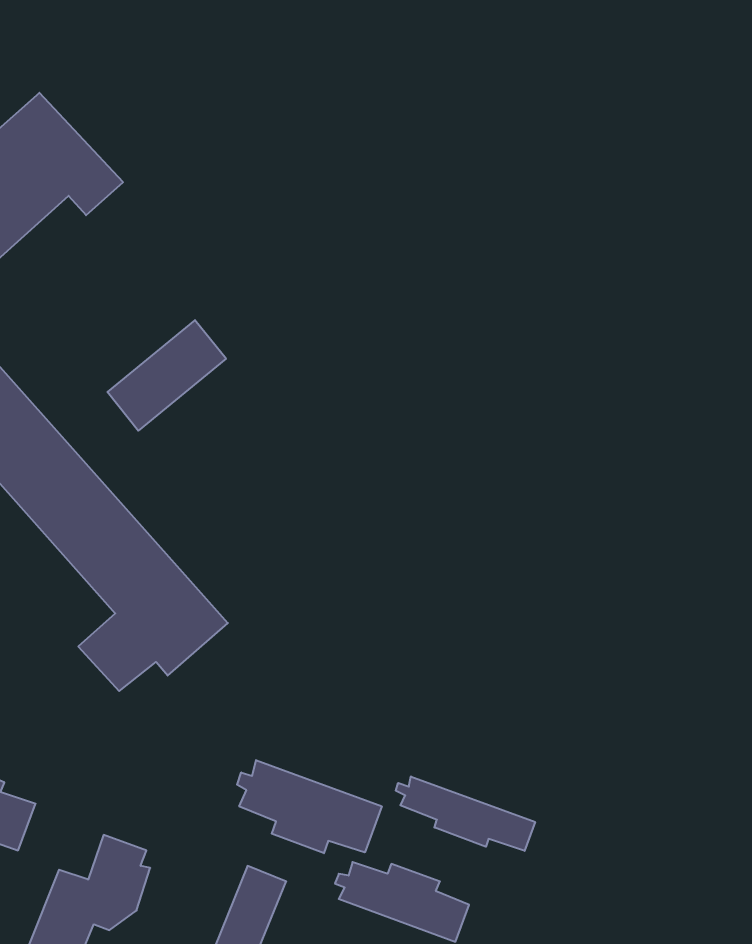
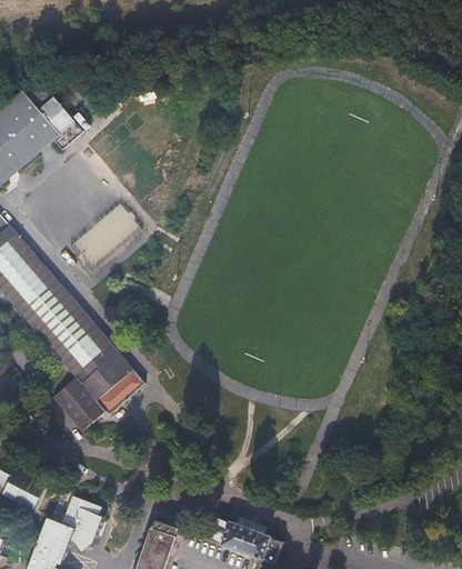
building: [237,760,382,853] -> none
building: [396,776,535,851] -> none

